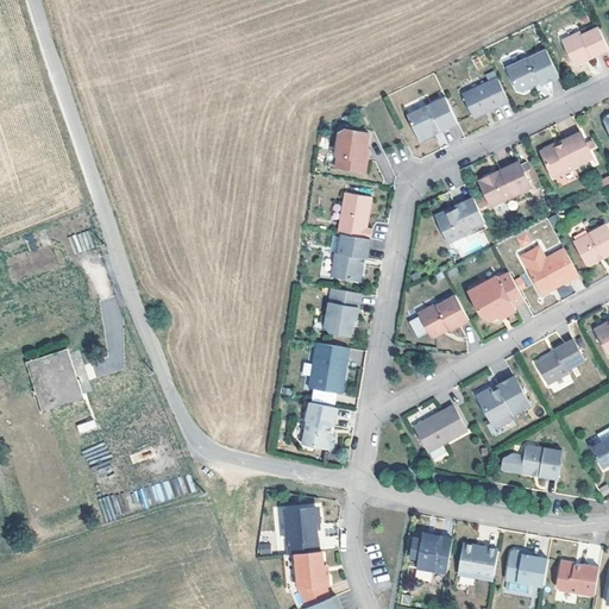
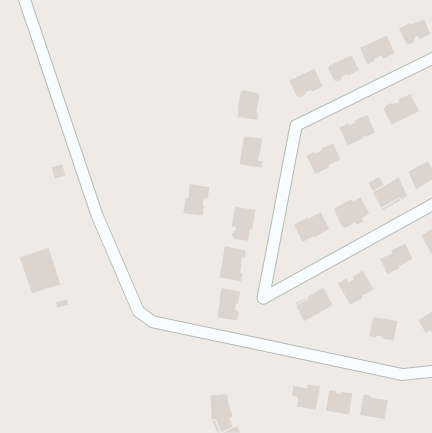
building: [331,231,370,276] -> [182,184,210,216]
building: [285,509,319,555] -> none
building: [557,563,598,597] -> none

